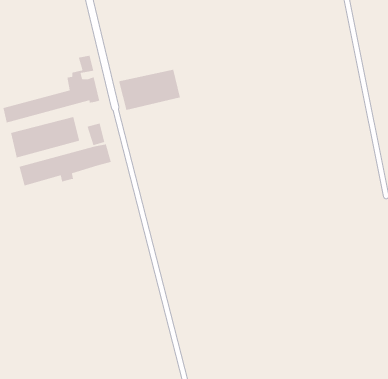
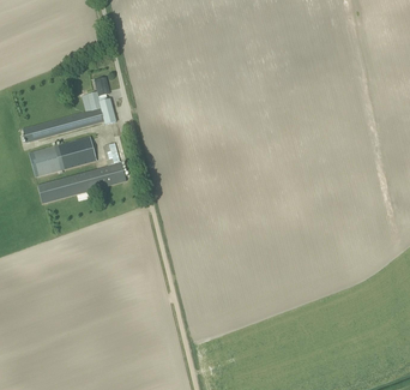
building: [118,69,181,111] -> none

